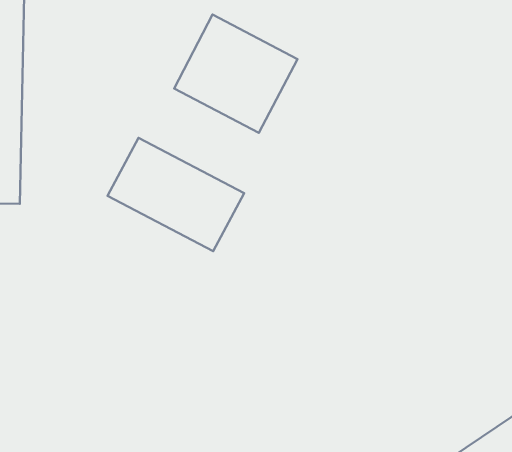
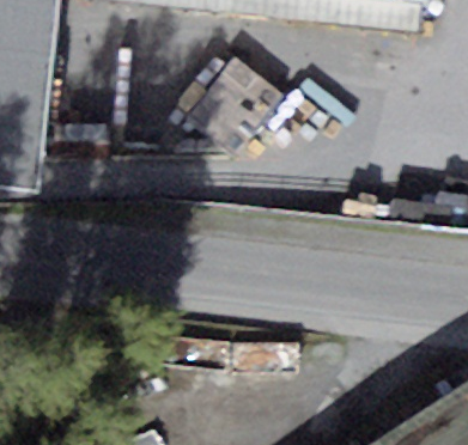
building: [108,138,244,251] -> none

